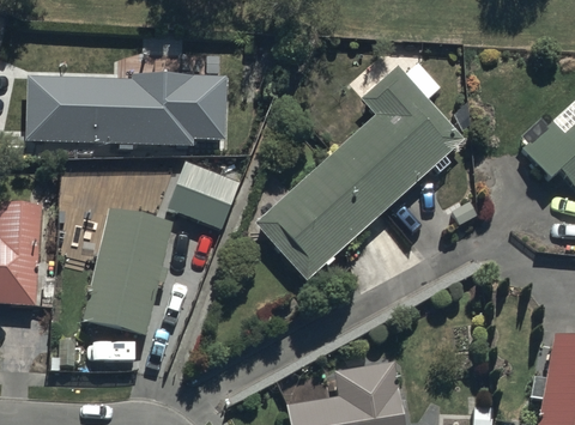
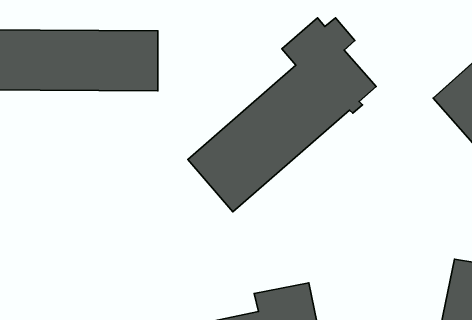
building: [170,160,242,230] -> none
building: [84,208,176,339] -> none

